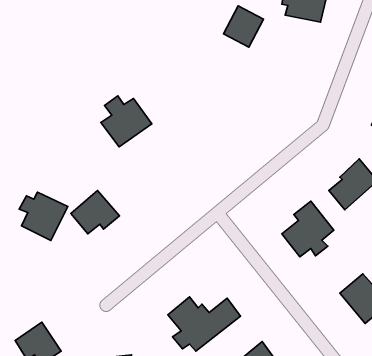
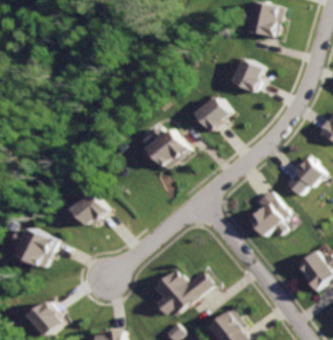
building: [224,6,263,47] -> [231,51,264,86]
building: none -> [192,88,227,128]
building: [101,96,152,147] -> [152,131,195,174]
building: [19,192,68,240] -> [16,231,57,272]

